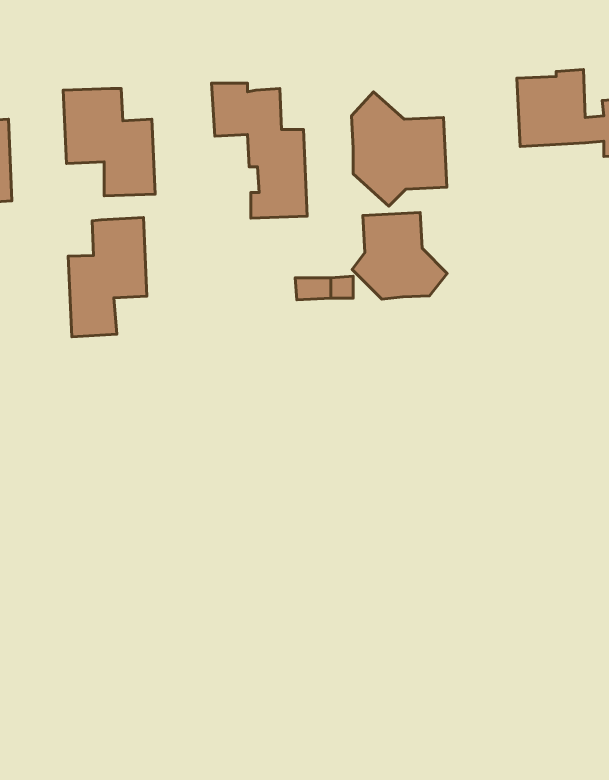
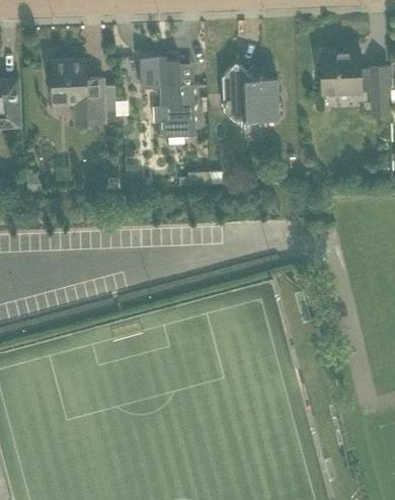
building: [352,213,447,299] -> none
building: [68,217,147,337] -> none

